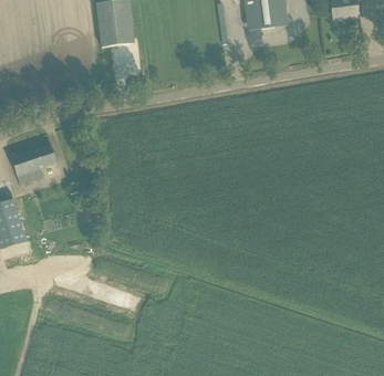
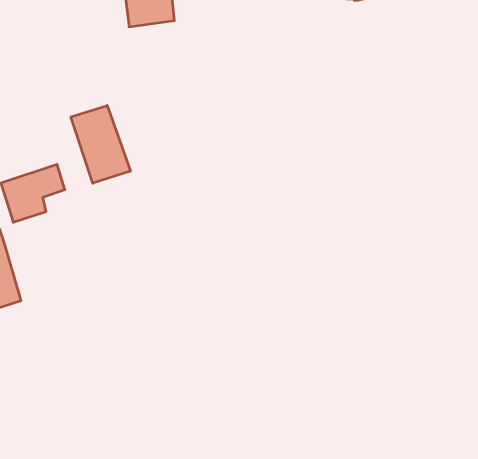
building: none -> [71,105,130,183]

